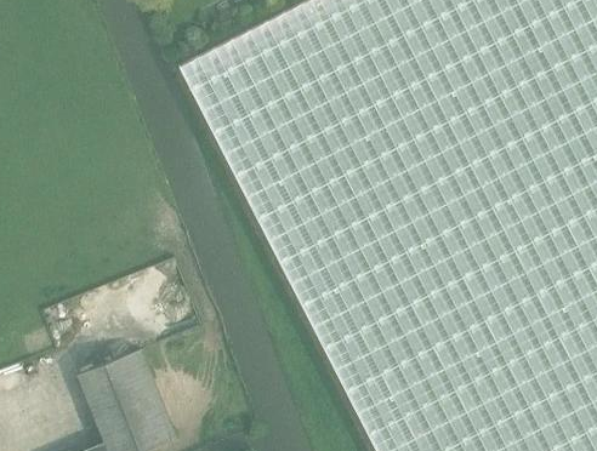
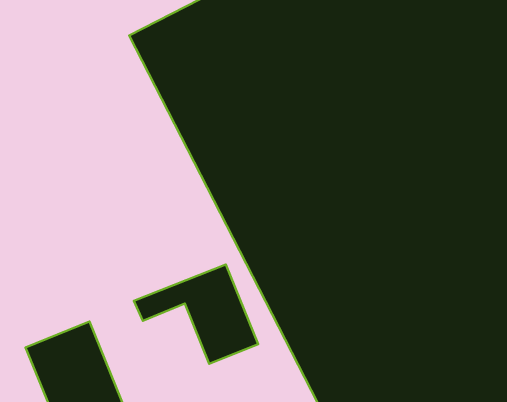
building: none -> [134,264,258,364]

